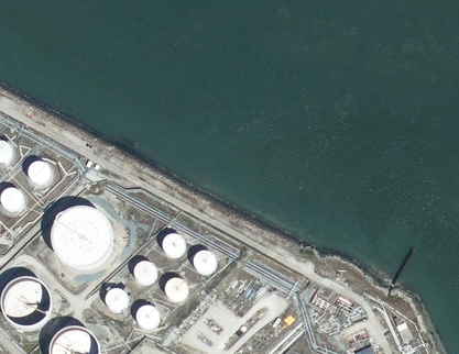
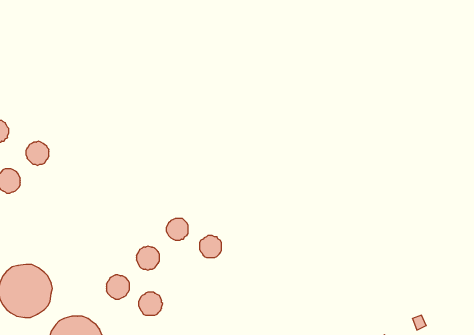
building: [51,207,112,268] -> none
building: [163,277,187,300] -> none

